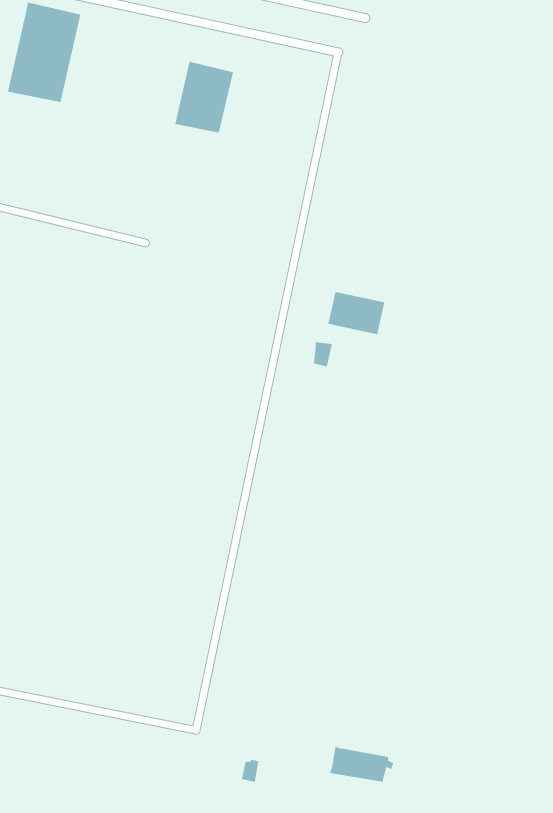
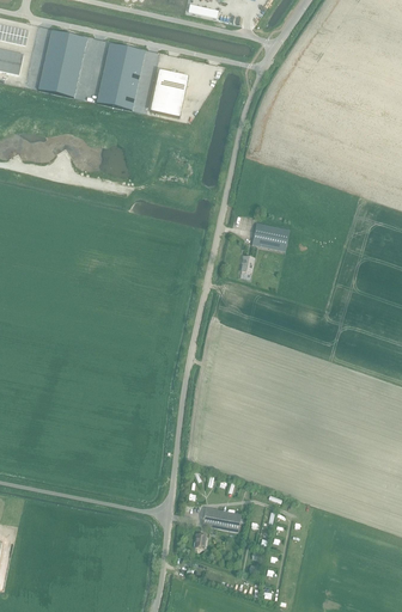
building: none -> [96,42,144,109]
building: [329,746,394,782] -> [201,507,244,531]

